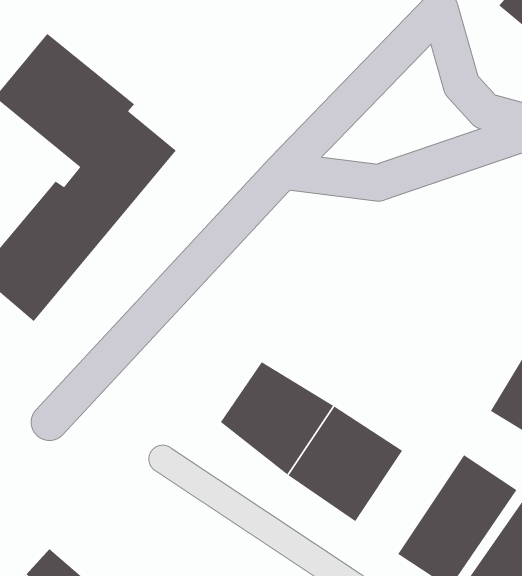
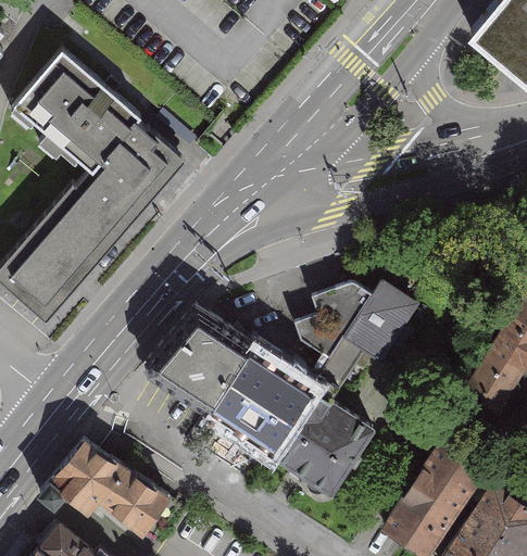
building: none -> [296,285,419,389]
building: none -> [159,320,253,410]
building: none -> [54,440,179,542]

